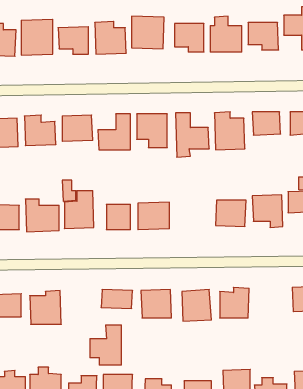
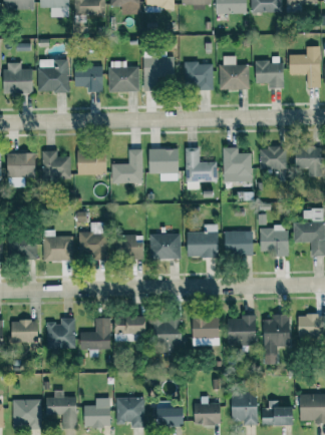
building: none -> [186,224,218,258]
building: none -> [263,314,289,363]
building: [90,325,121,365] -> [80,318,110,356]

